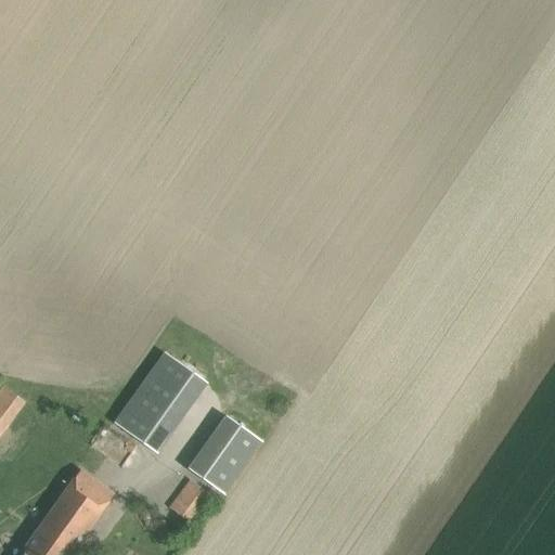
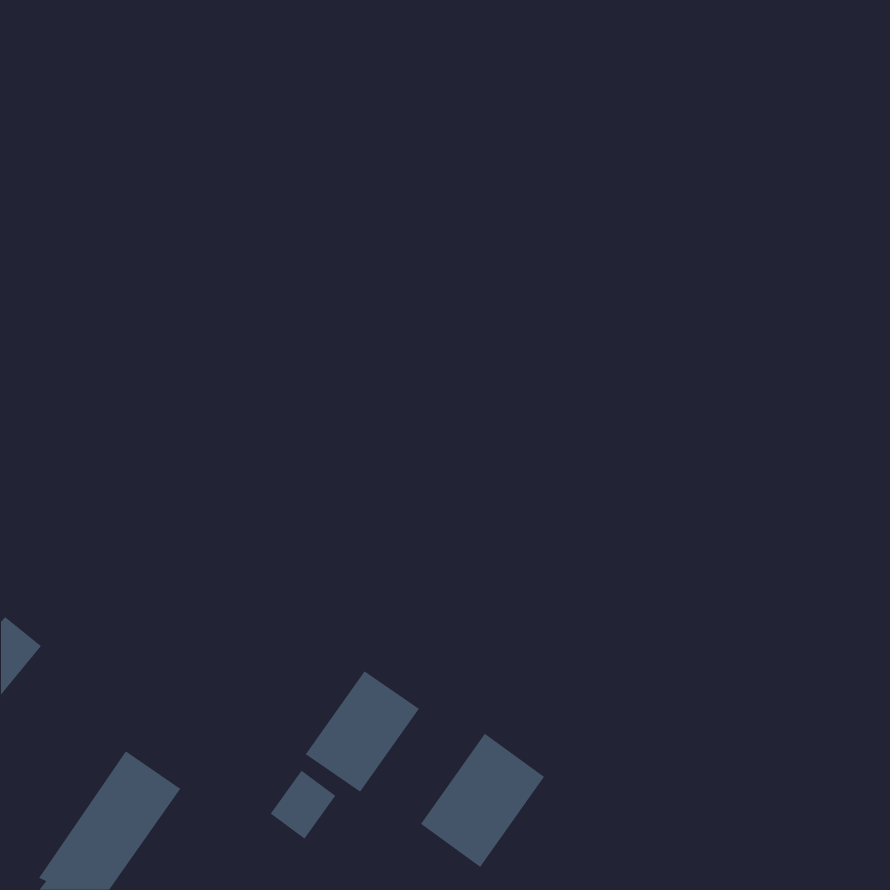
building: [114,352,207,454] -> none
building: none -> [420,733,545,868]

